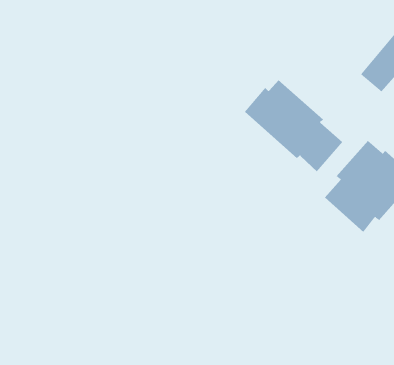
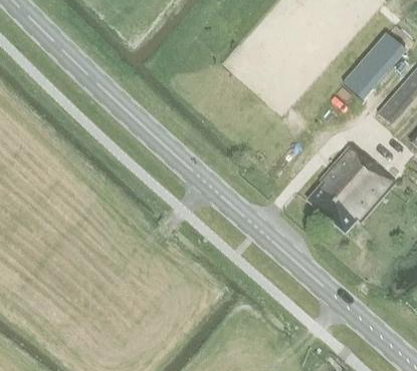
building: [244,80,343,172] -> none

